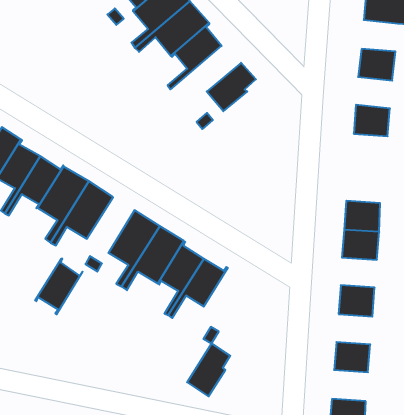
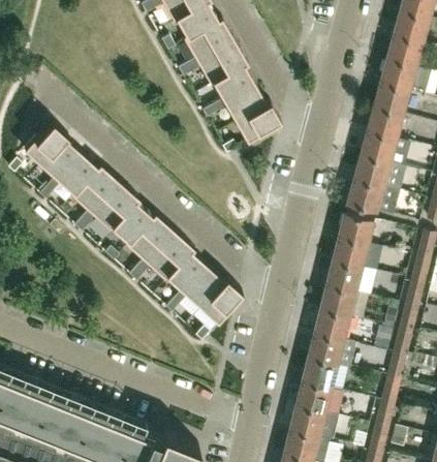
building: none -> [375,84,410,116]
building: none -> [204,85,269,122]
building: none -> [362,132,397,164]
building: none -> [348,181,384,213]
building: none -> [339,213,374,245]
building: none -> [321,286,356,317]
building: [35,259,83,314] -> [108,199,154,247]
building: none -> [309,335,344,366]
building: [187,344,230,396] -> [199,278,241,324]
building: none -> [296,382,332,414]

